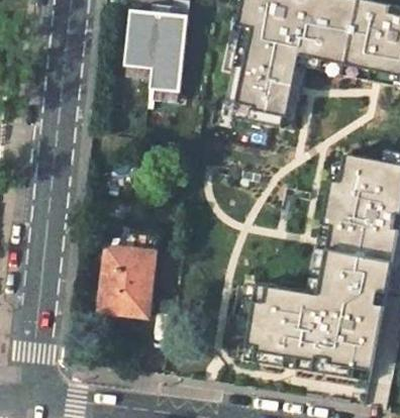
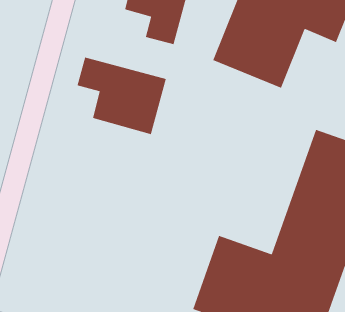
building: none -> [77,57,167,135]
building: [101,233,157,313] -> none

